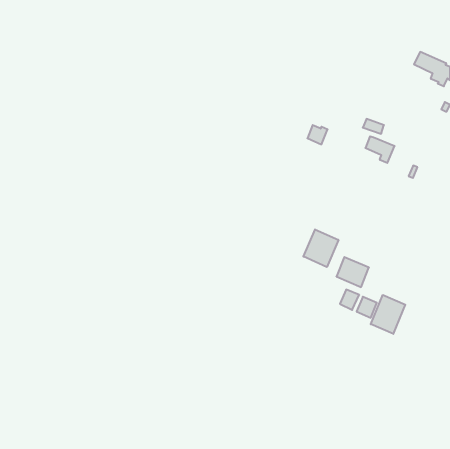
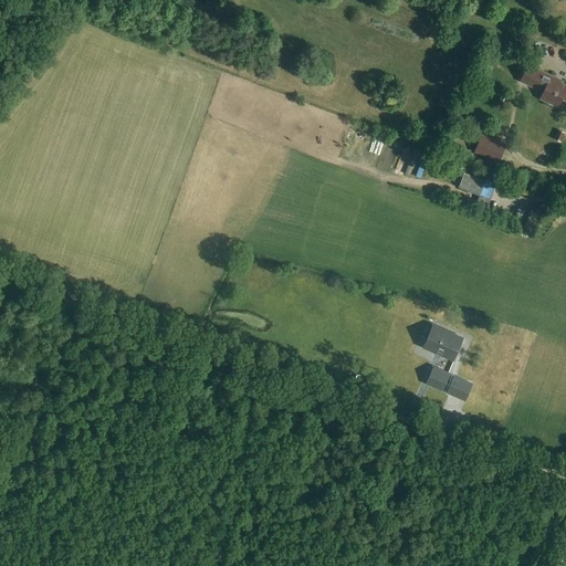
building: none -> [474,134,506,163]
building: [303,229,338,267] -> none
building: [371,295,405,334] -> none

